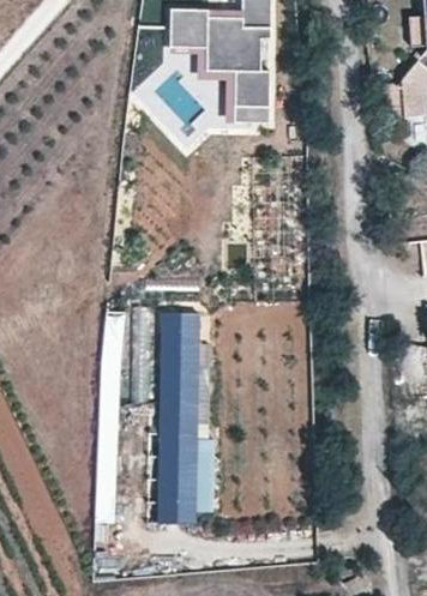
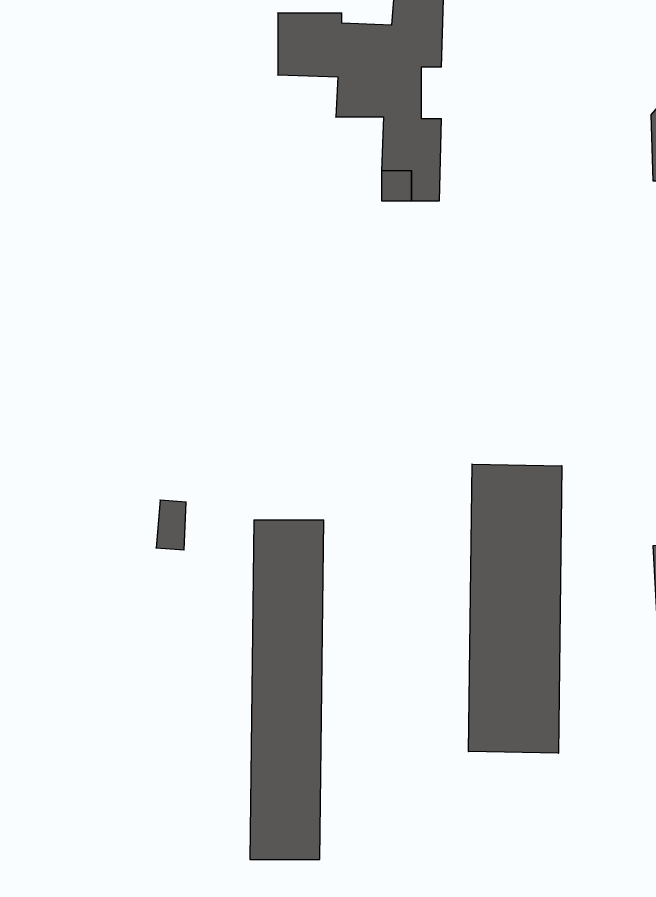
building: none -> [469,464,562,753]

